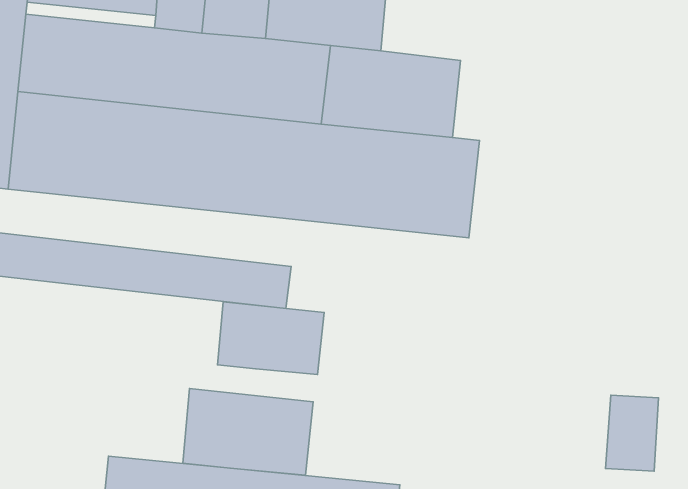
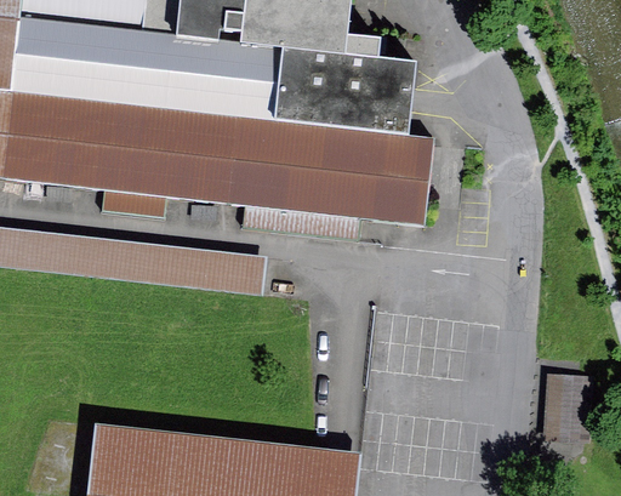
building: [217,302,324,375] -> none
building: [183,389,313,475] -> none

